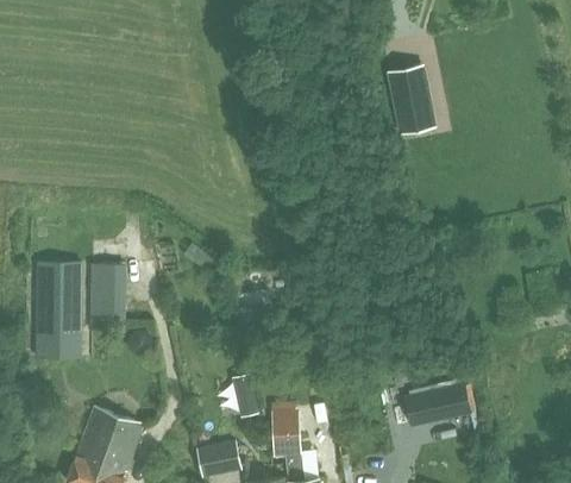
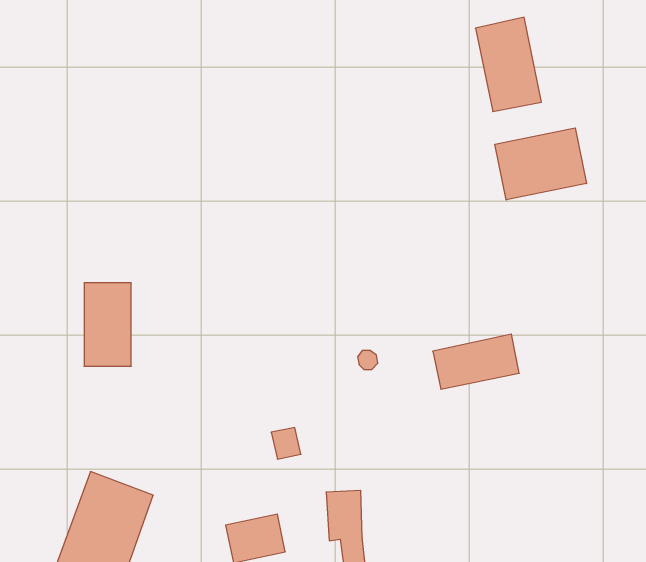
building: none -> [495,128,587,200]
building: [34,261,82,359] -> none
building: [403,383,469,425] -> [433,334,519,389]

